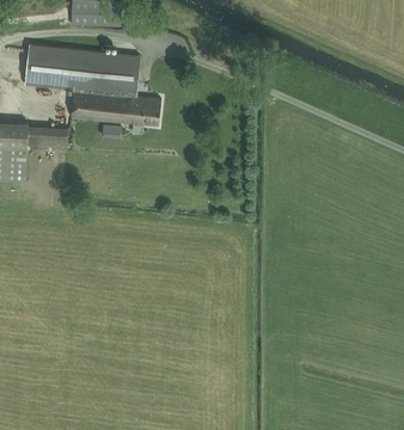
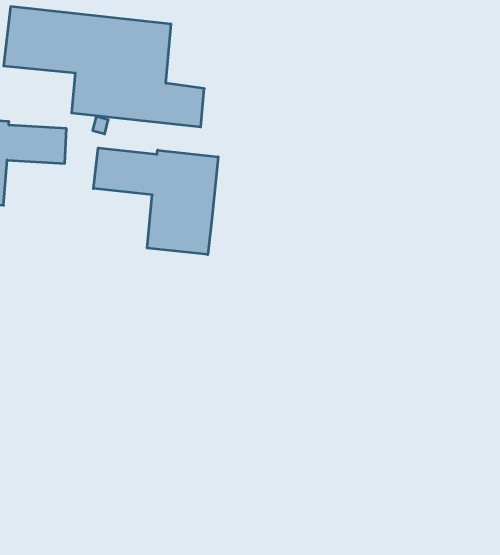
building: none -> [93,148,218,255]

